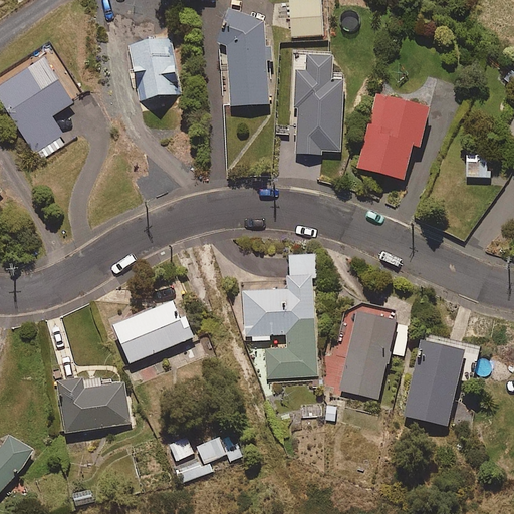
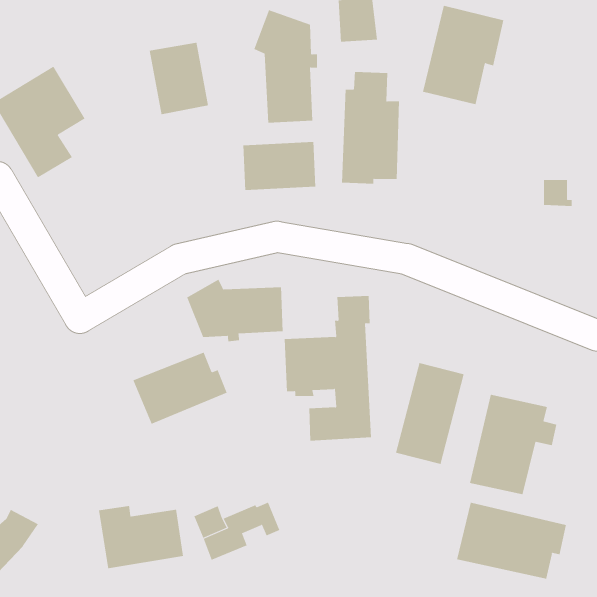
building: [359,94,430,180] -> [422,5,504,105]
building: none -> [243,141,316,191]
building: none -> [187,279,283,342]
building: [57,378,131,433] -> [98,506,184,569]
building: none -> [457,502,567,579]

